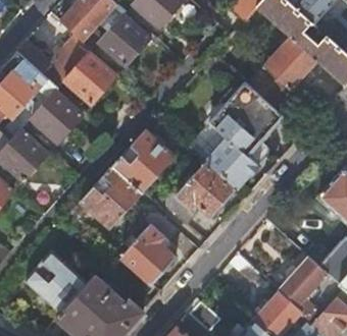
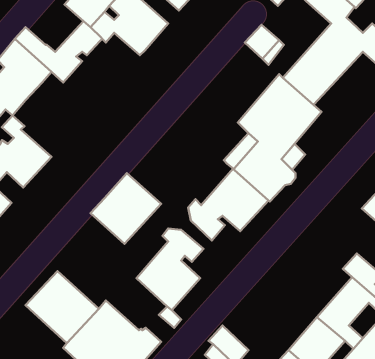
building: [65,52,115,103] -> none
building: [14,78,82,141] -> none
building: [113,130,175,192] -> none

